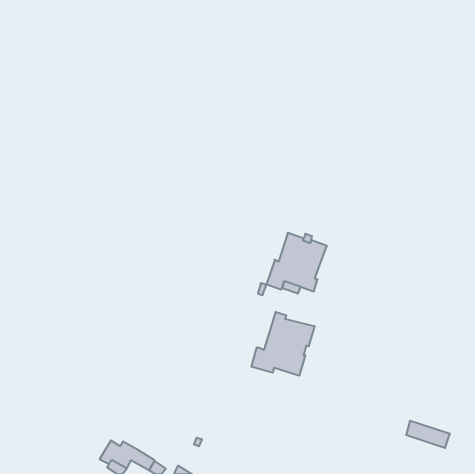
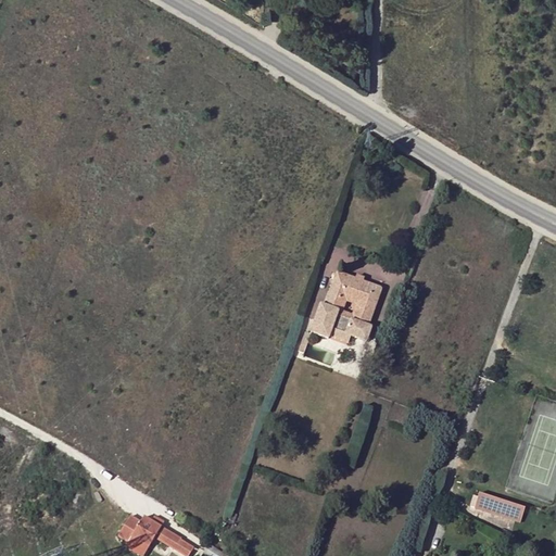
building: [251,312,315,376] -> none

